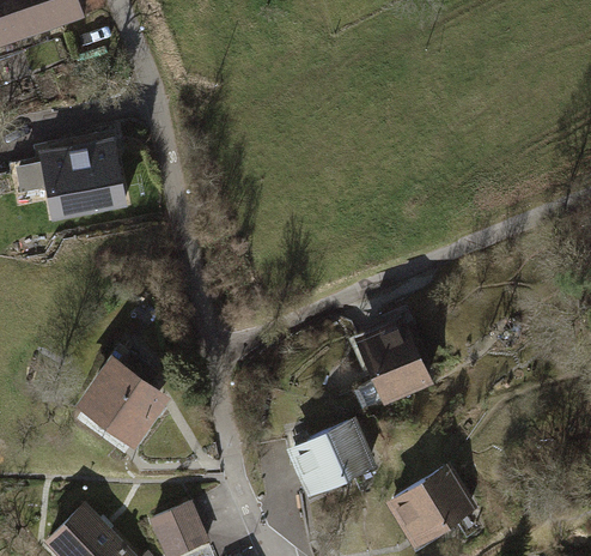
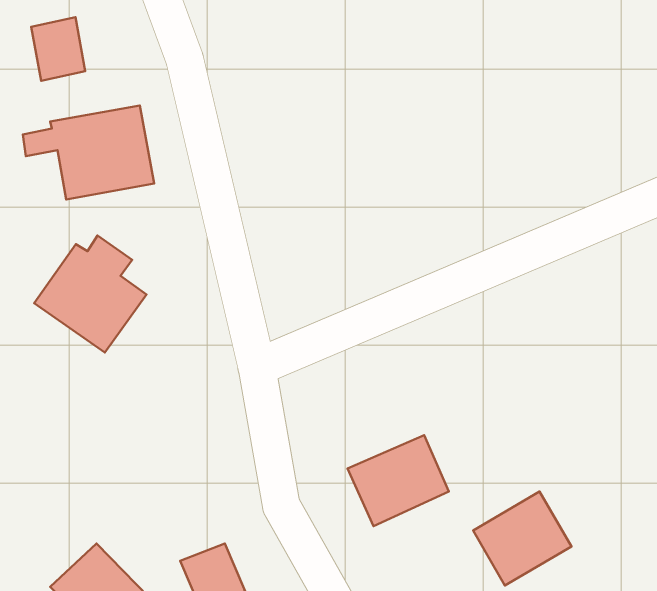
building: none -> [31,17,85,81]
building: [357,315,429,400] -> none
building: [72,351,165,448] -> [34,235,147,352]

